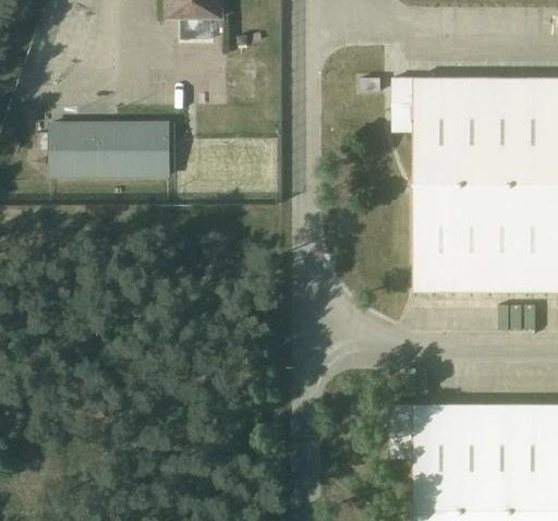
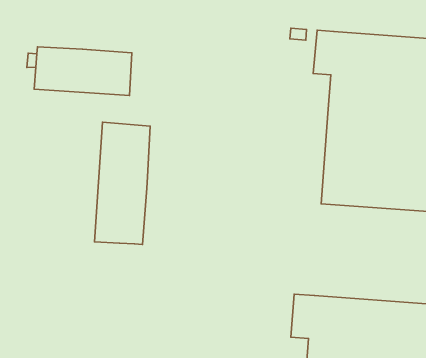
building: none -> [95,122,150,244]

